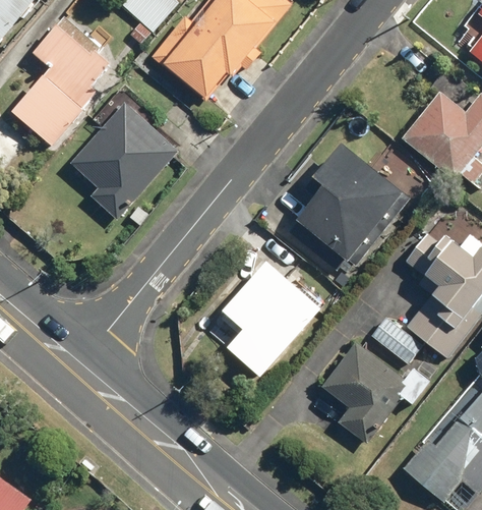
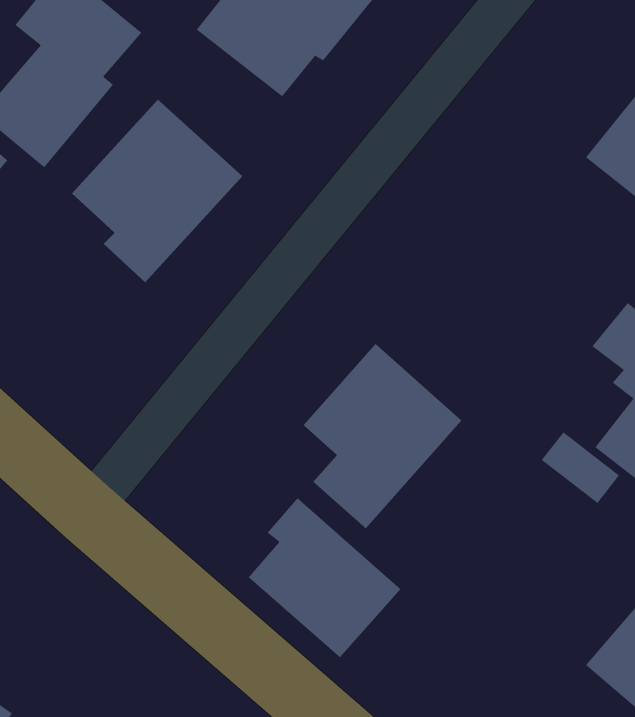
building: [287,141,412,279] -> none
building: [320,340,414,444] -> none
building: none -> [248,498,401,658]

